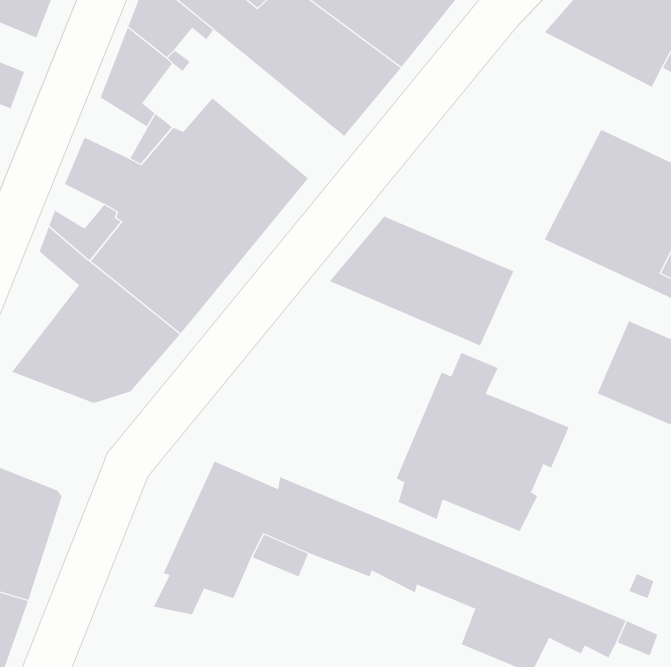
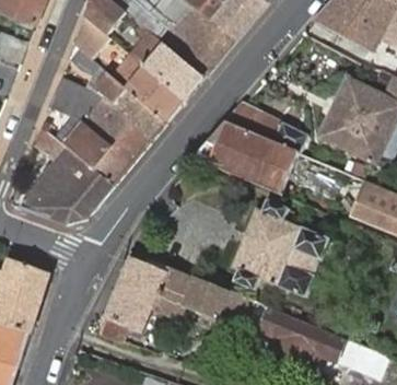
building: none -> [131,33,205,101]
building: none -> [226,103,310,153]

